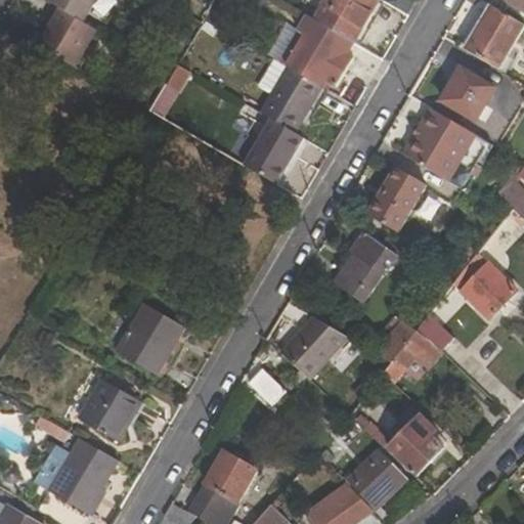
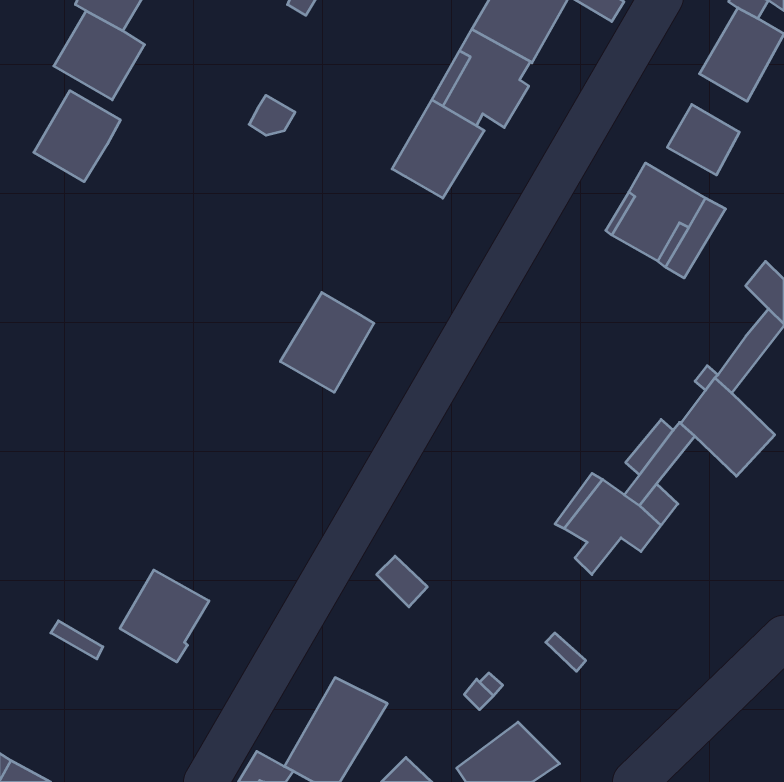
building: none -> [34,91,120,182]
building: [243,118,305,184] -> [280,292,374,392]
building: [367,166,426,231] -> none
building: [336,232,397,300] -> none
building: [117,303,184,374] -> none
building: [280,317,348,379] -> none
building: [388,417,441,474] -> none
building: [36,437,119,512] -> none
building: [342,450,405,508] -> none

